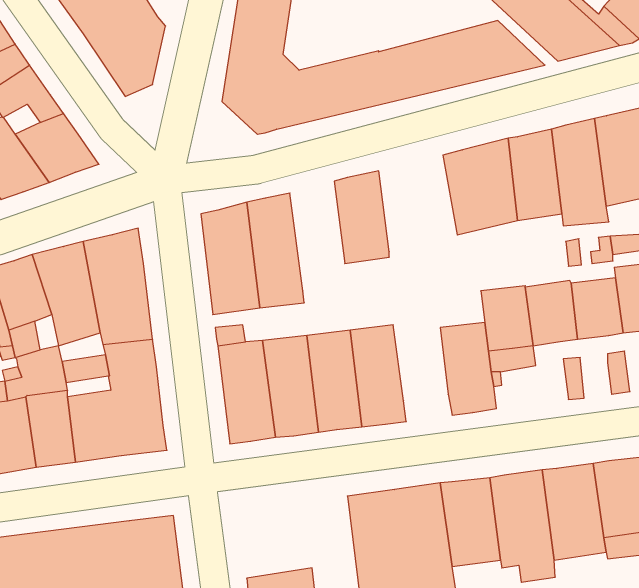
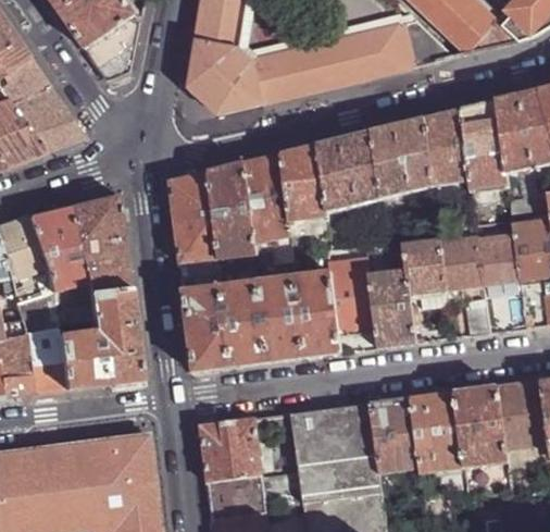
building: none -> [317,131,383,211]
building: none -> [243,152,290,244]
building: none -> [328,257,375,335]
building: none -> [200,420,262,483]

